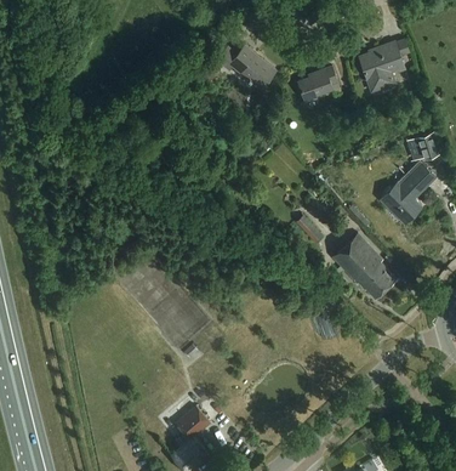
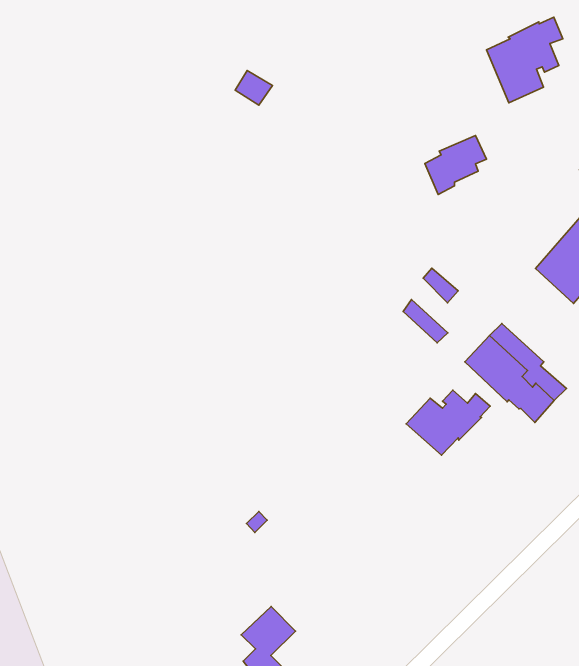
building: [216,44,277,89] -> none
building: [298,66,338,102] -> [425,136,487,195]
building: none -> [406,390,490,455]

